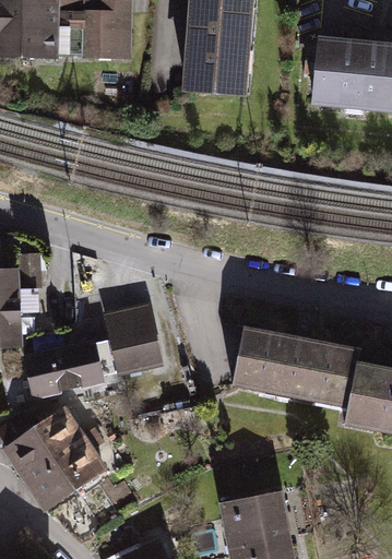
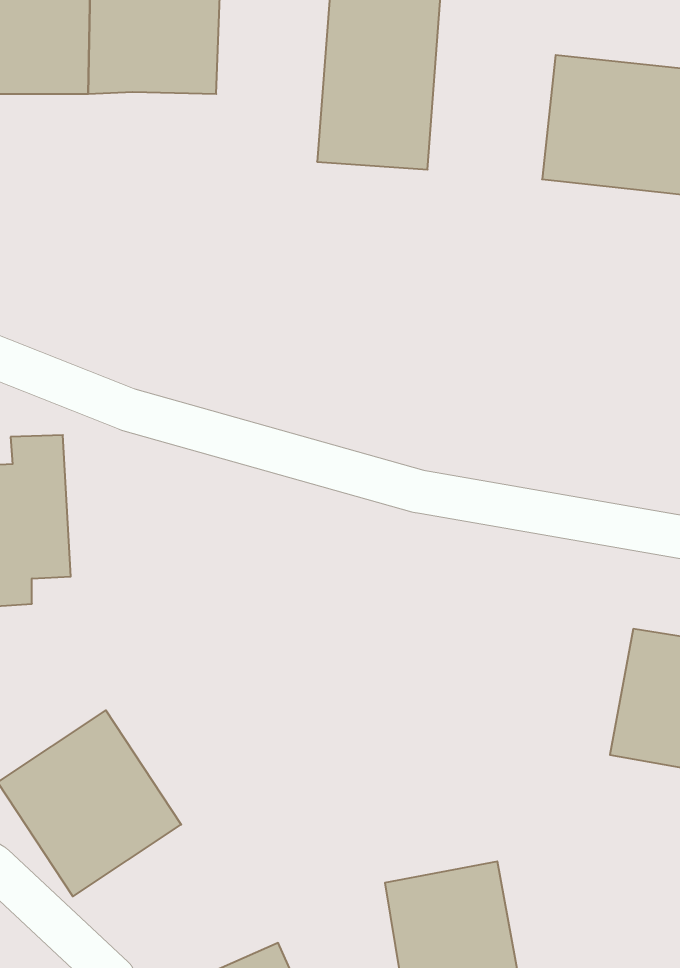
building: [20,304,164,397] -> none
building: [234,320,364,413] -> none

